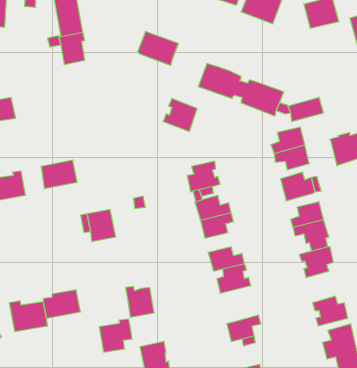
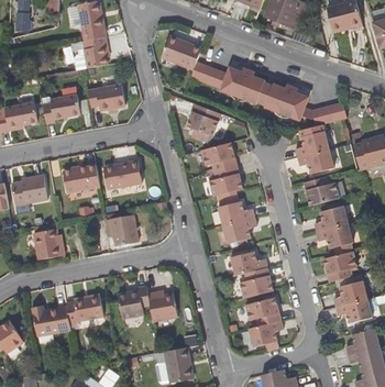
building: none -> [190,62,228,88]
building: none -> [87,82,125,111]
building: none -> [42,93,80,123]
building: none -> [202,142,238,170]
building: none -> [103,161,142,188]
building: none -> [32,228,65,258]
building: none -> [333,280,366,307]
building: none -> [245,296,282,325]
building: [99,319,132,352] -> [118,285,151,318]

